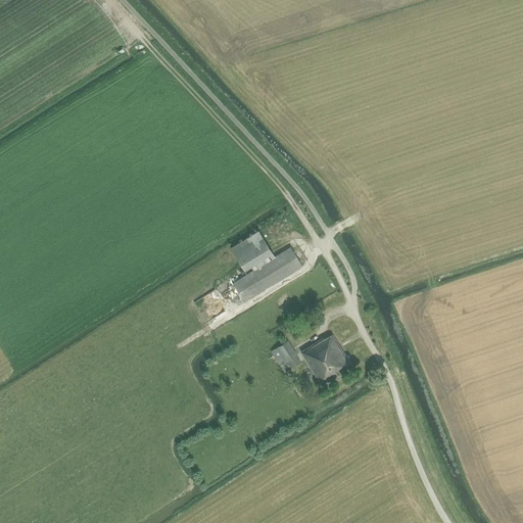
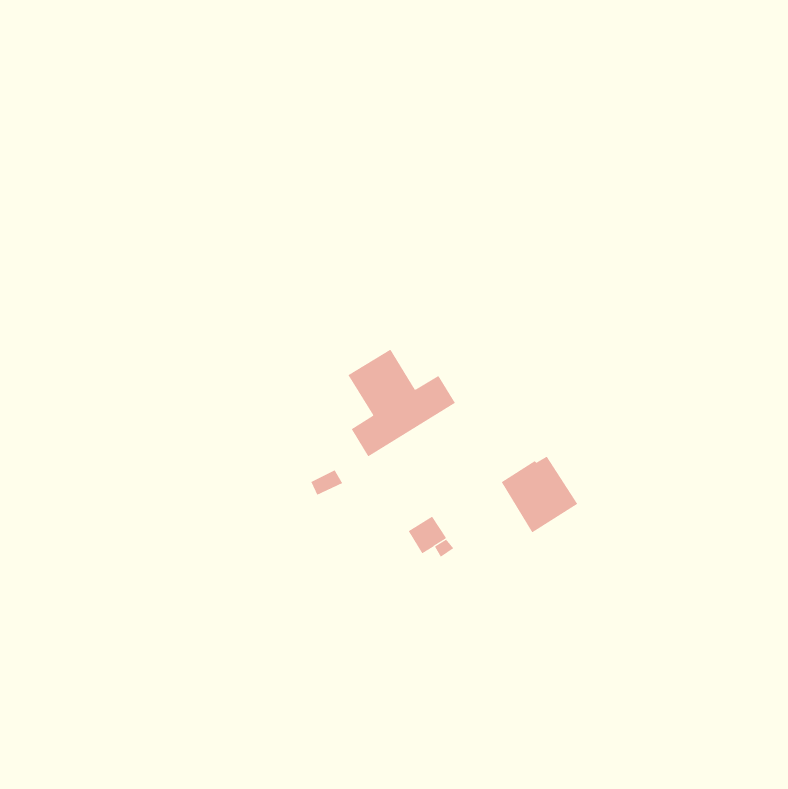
building: [300,335,351,386] -> [501,456,578,533]

